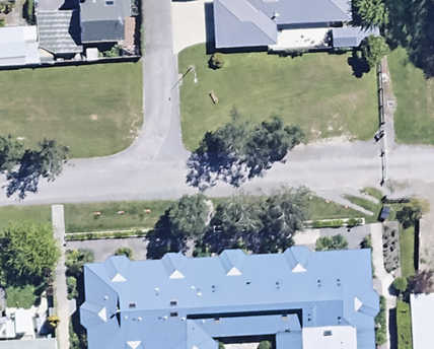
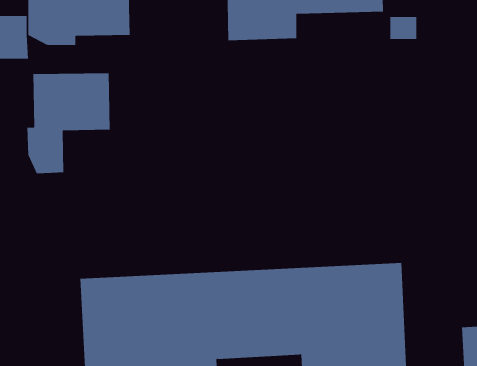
building: none -> [27,72,110,174]

